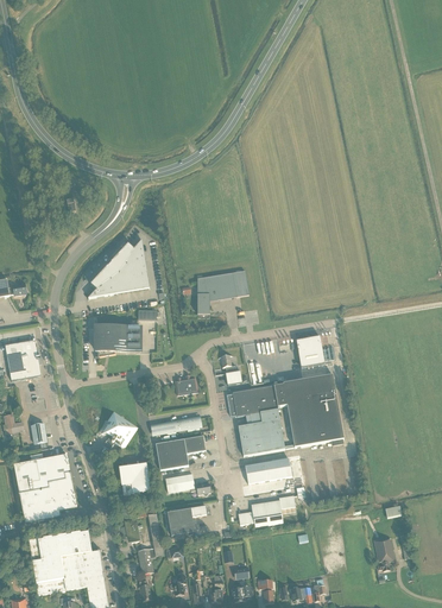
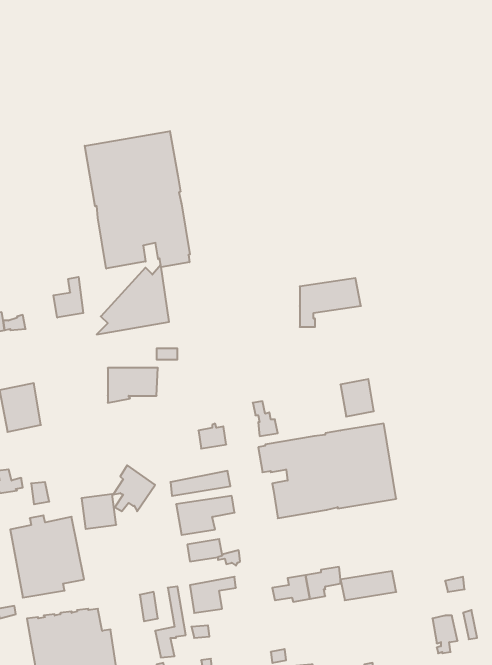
building: none -> [85,131,190,269]
building: none -> [53,277,83,318]
building: [196,270,248,311] -> [300,278,361,327]
building: [244,457,291,482] -> [340,571,396,600]
building: [119,463,149,493] -> [81,494,116,529]

